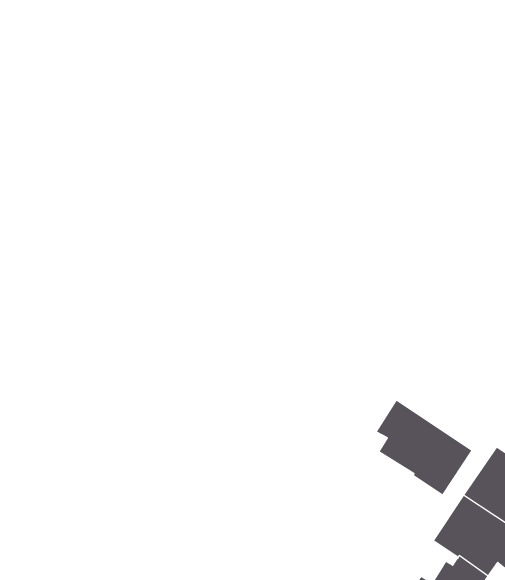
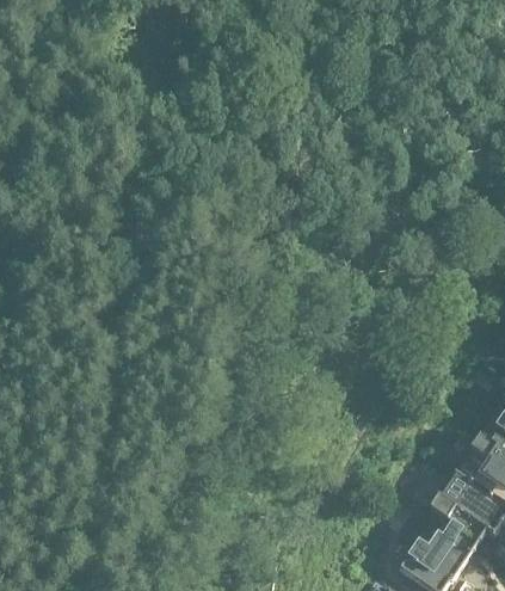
building: [376,400,472,495] -> none

